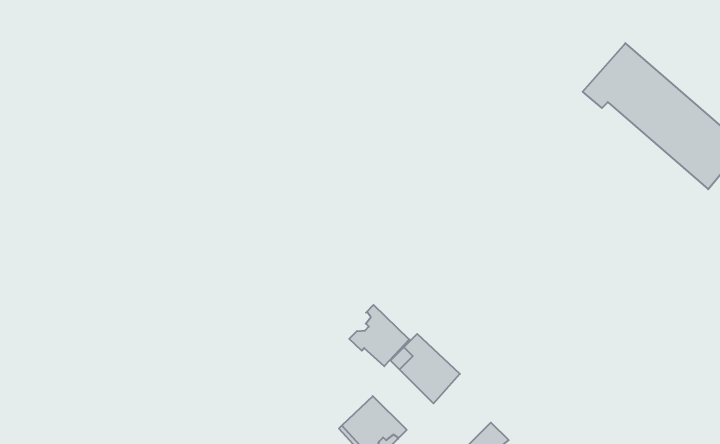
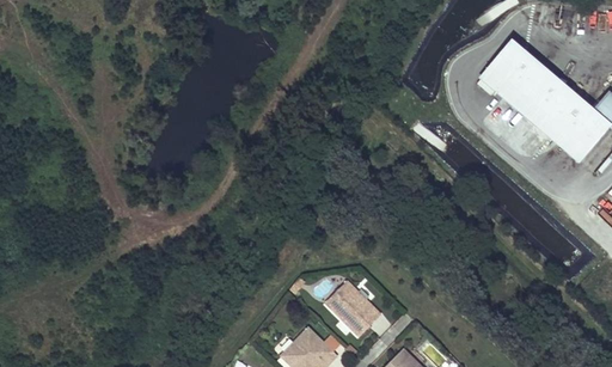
building: [349,305,409,366] -> none

